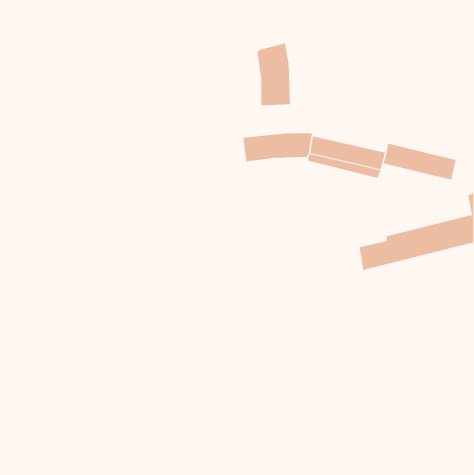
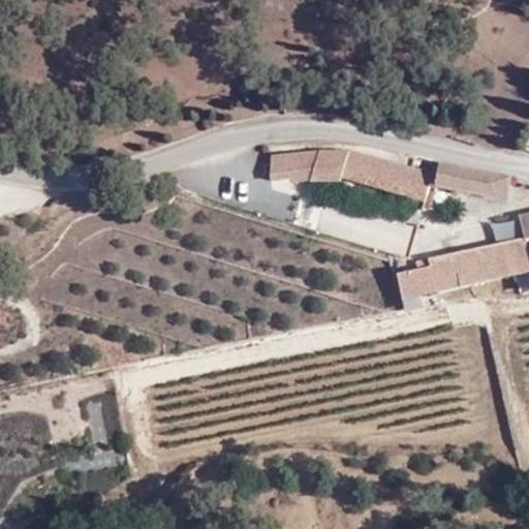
building: [257,42,291,106] -> none

